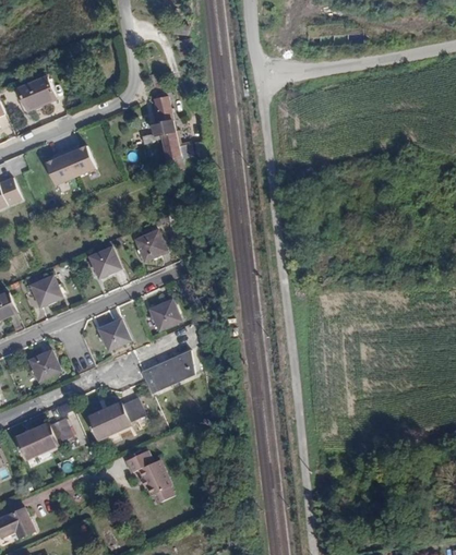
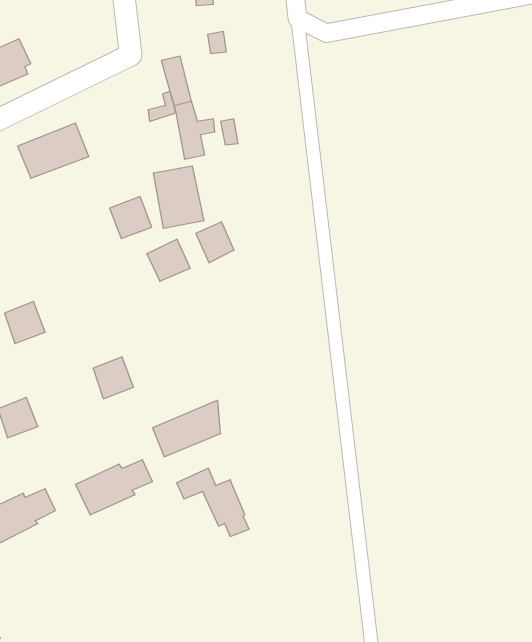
building: none -> [154,166,204,228]
building: none -> [196,222,234,263]
building: [93,248,124,279] -> [110,197,152,239]
building: [151,298,182,329] -> none
building: [118,450,172,502] -> [177,468,249,536]

